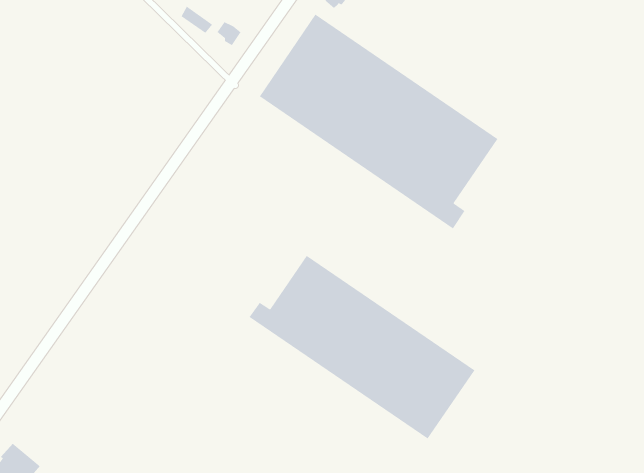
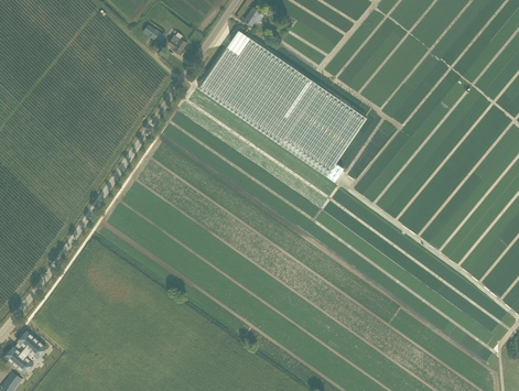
building: [249,255,475,439] -> none

